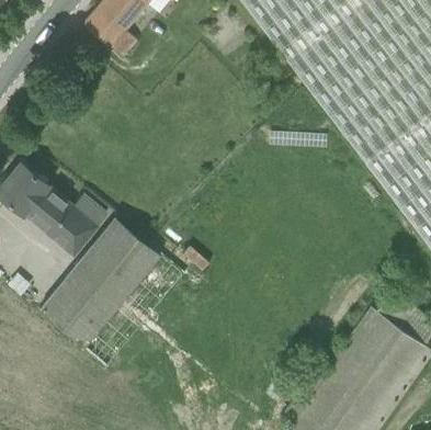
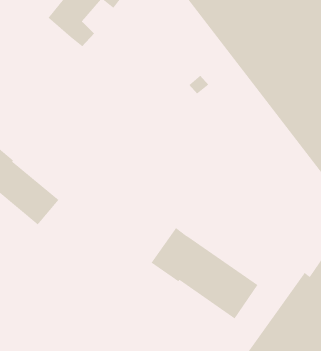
building: [39,215,161,346] -> none
building: none -> [150,227,258,319]

